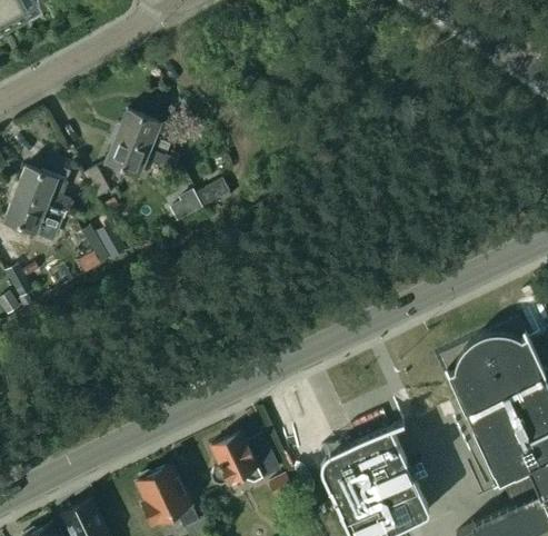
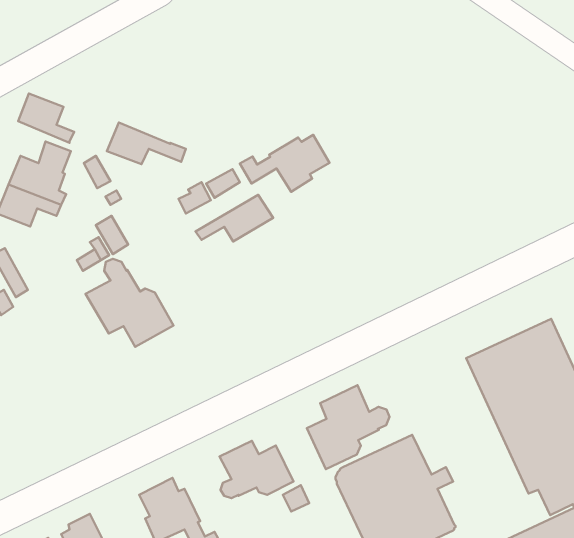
building: [118,112,170,158] -> [18,94,74,143]
building: none -> [240,135,330,192]
building: none -> [195,195,273,242]
building: none -> [86,259,174,347]
building: none -> [307,385,389,469]

